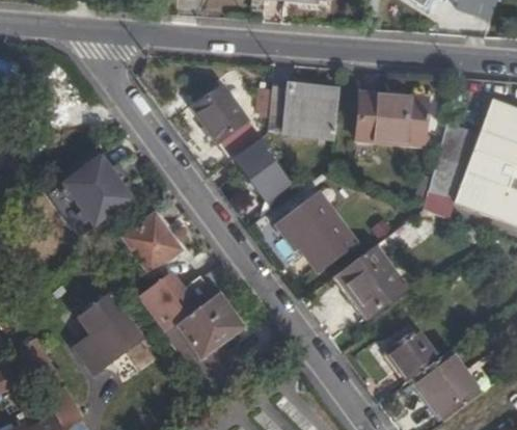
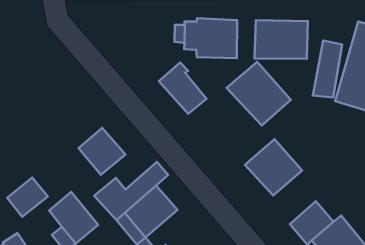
building: [192,86,257,156] -> none
building: [61,157,131,229] -> none
building: [275,191,356,273] -> [227,62,291,126]
building: none -> [7,177,48,217]

